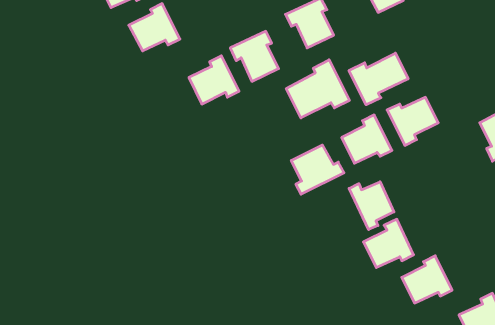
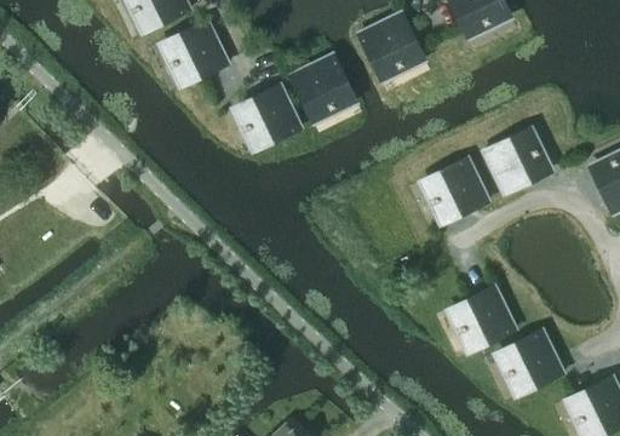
building: [349,53,408,105] -> none
building: [286,60,349,118] -> none
building: [291,145,344,194] -> none
building: [349,182,394,230] -> none

